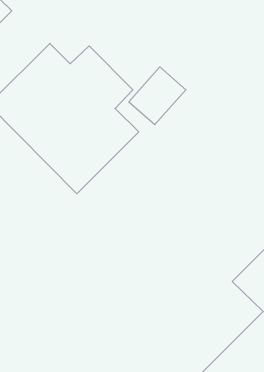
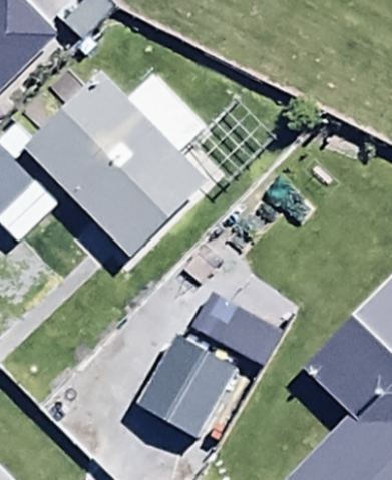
building: none -> [136,305,272,436]

